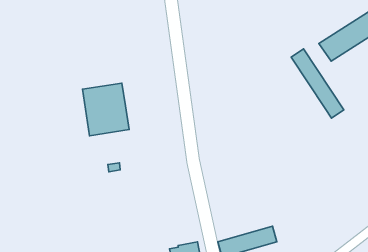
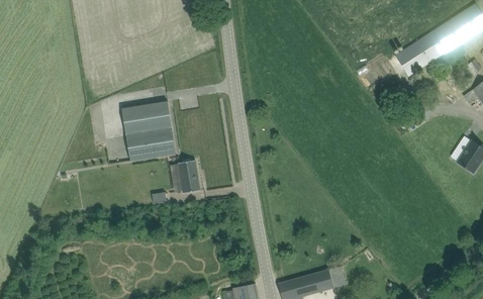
building: [291,49,344,118] -> none
building: none -> [178,160,199,193]

